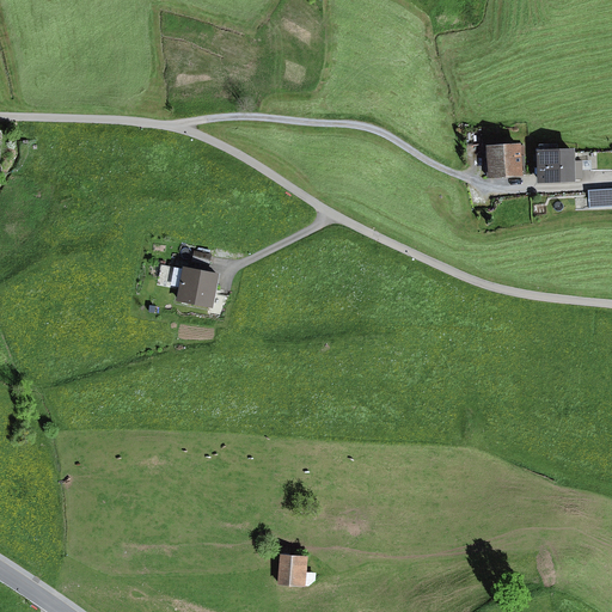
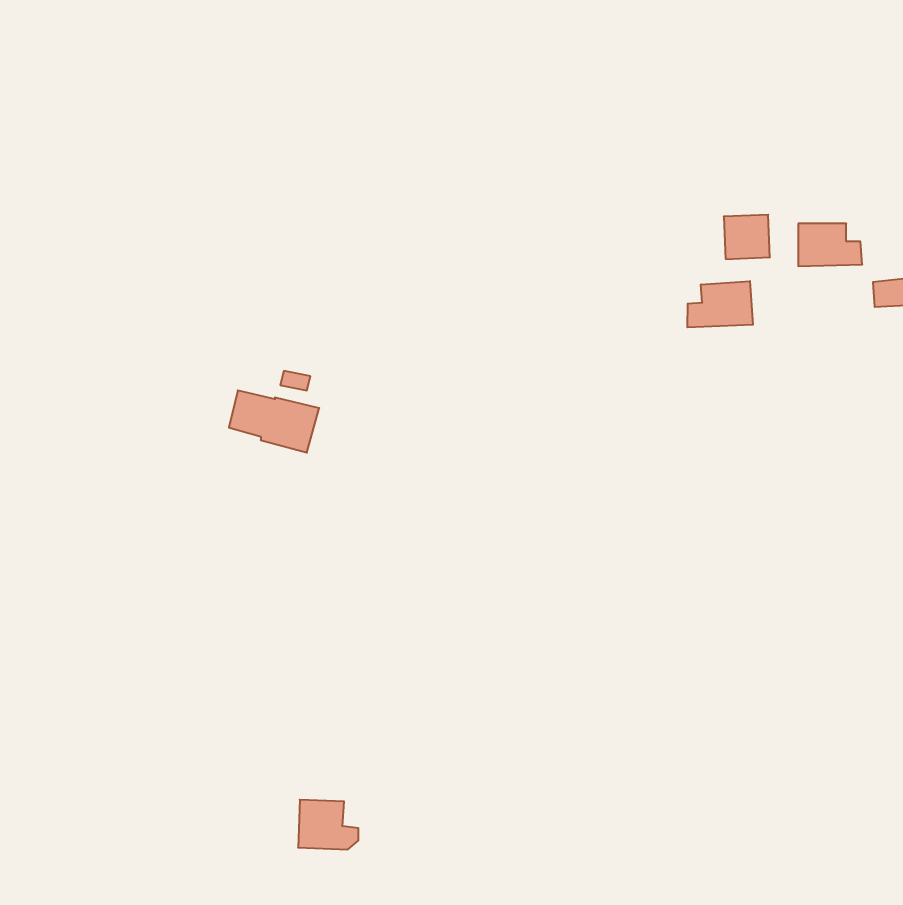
building: none -> [687,281,753,327]
building: [277,553,318,587] -> [298,800,358,849]

